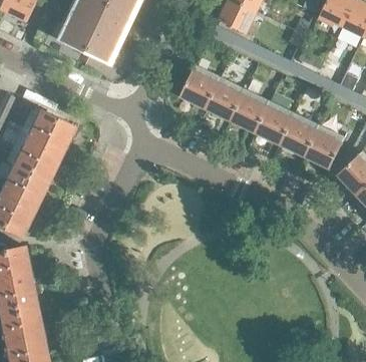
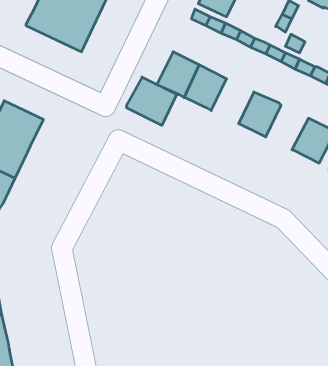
building: none -> [127,77,177,125]
building: [230,90,269,131] -> none
building: [280,114,319,155] -> none

